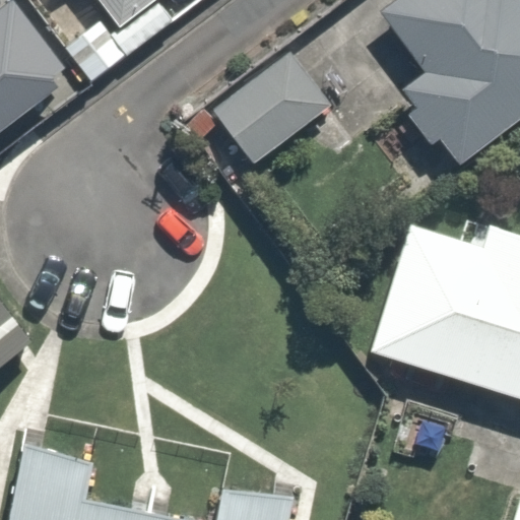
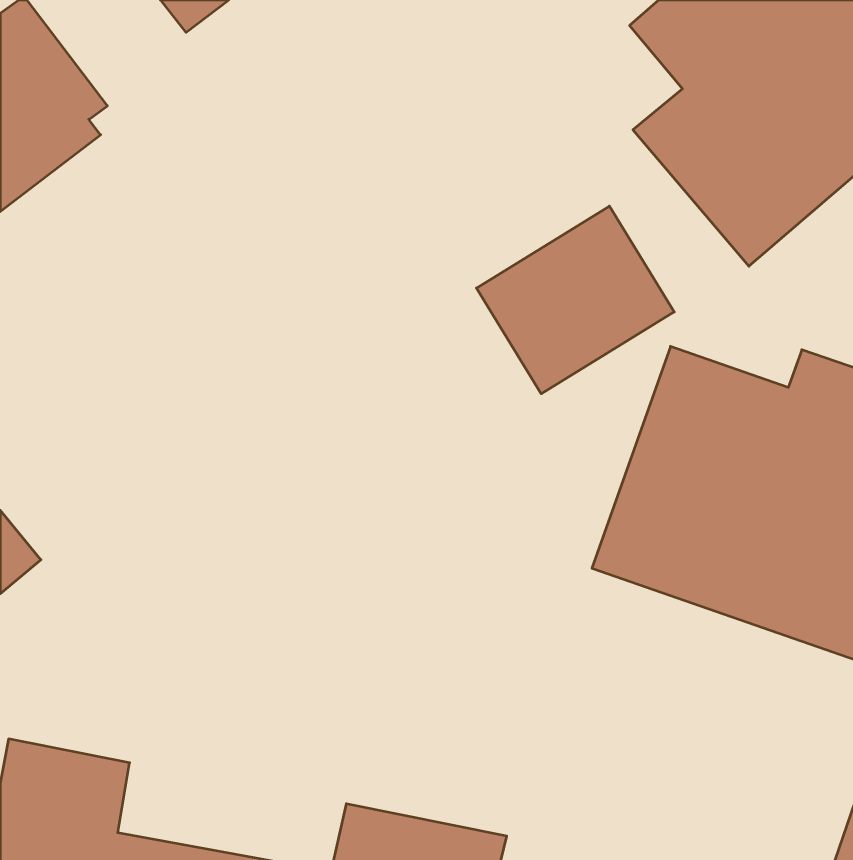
building: [212,59,330,171] -> [476,206,674,394]

